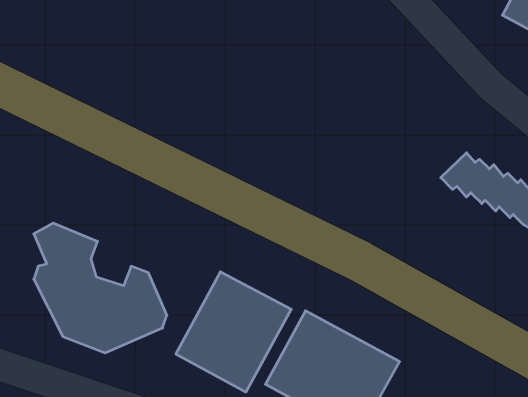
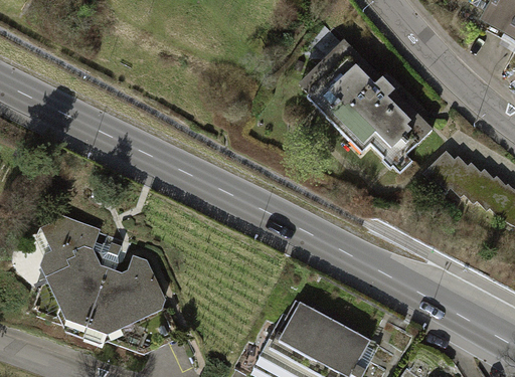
building: none -> [295,38,431,172]
building: [176,272,291,392] -> none

